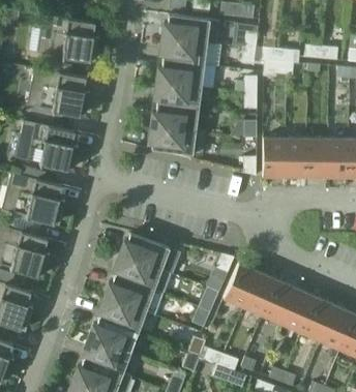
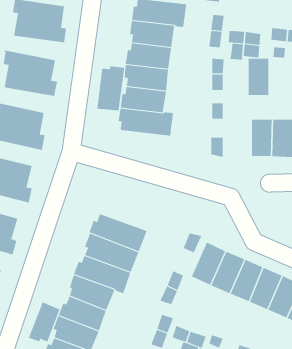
building: none -> [97,66,125,112]
building: [263,138,285,176] -> [248,58,269,96]
building: none -> [28,302,60,342]

